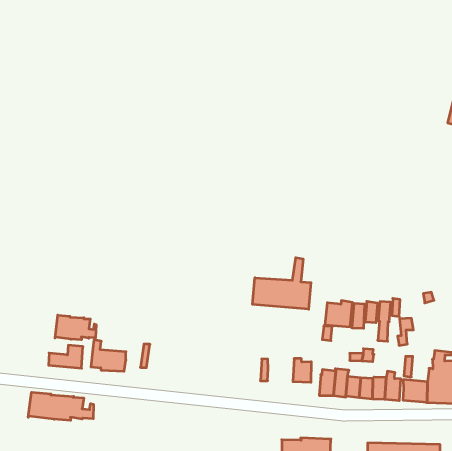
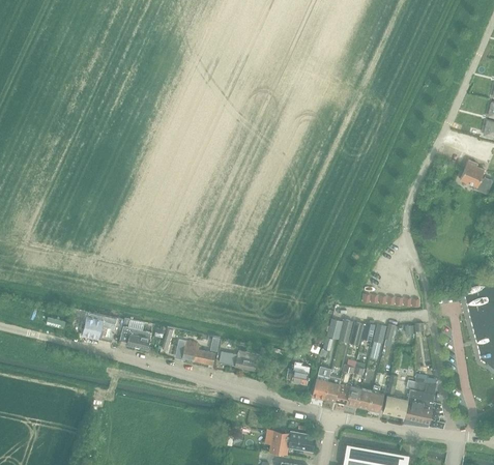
building: [253,258,311,309] -> none
building: [55,315,96,340] -> none
building: none -> [174,340,214,365]
building: none -> [217,351,258,371]
building: [28,392,93,420] -> none

